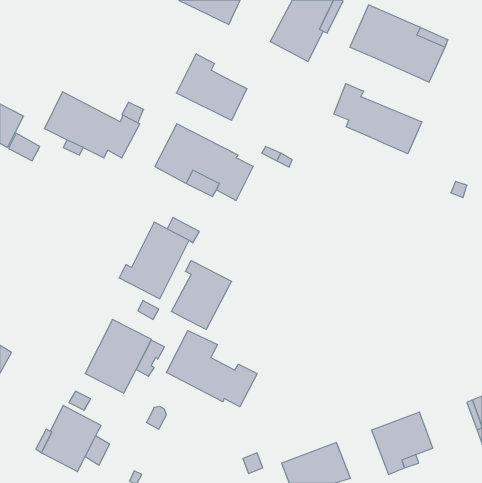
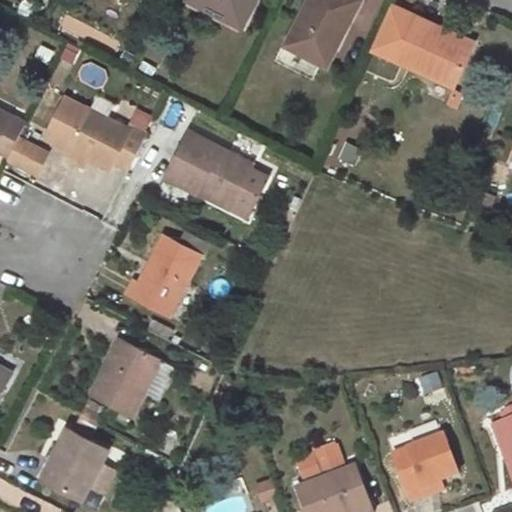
building: [176,54,247,120] -> none
building: [334,84,422,154] -> none
building: [171,261,232,329] -> none
building: [166,331,257,407] -> none
building: none -> [292,441,345,482]

